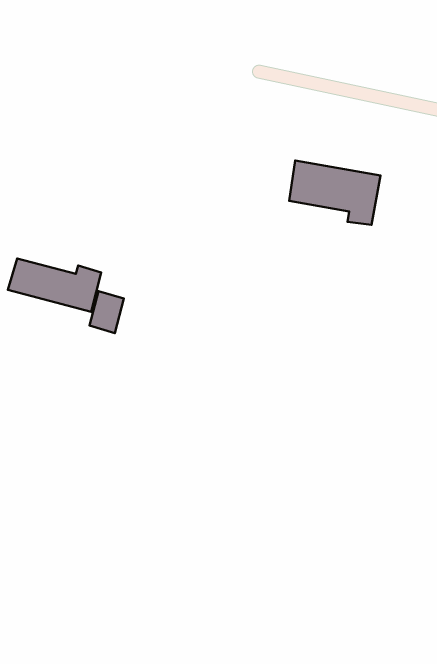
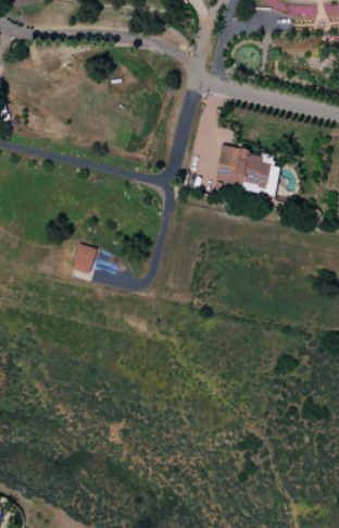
building: [8,258,101,312] -> none

